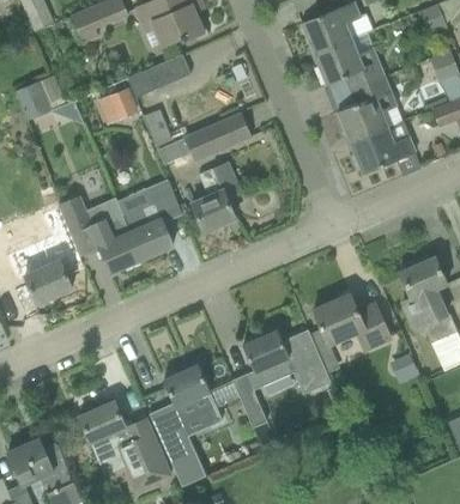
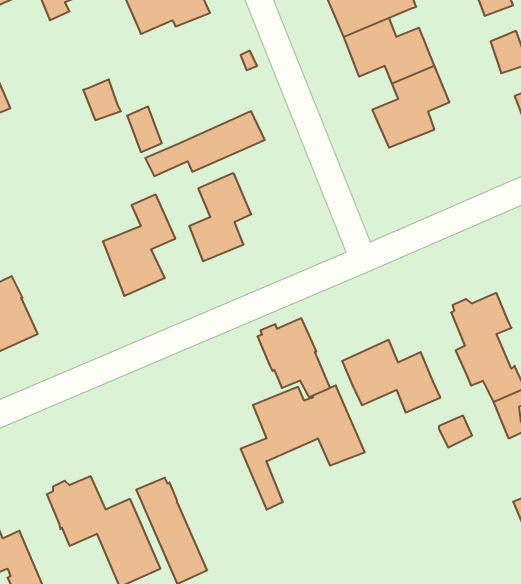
building: [128,54,190,97] -> none
building: [350,120,420,176] -> none
building: [60,195,140,272] -> none
building: [163,365,220,427] -> [257,318,330,397]

